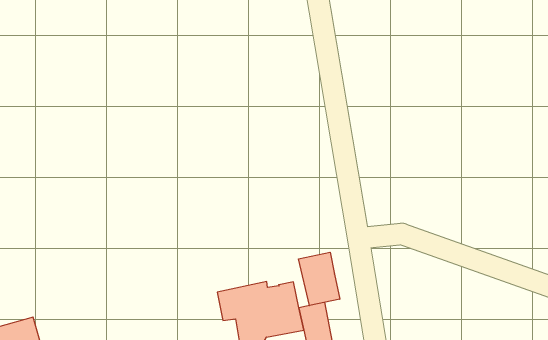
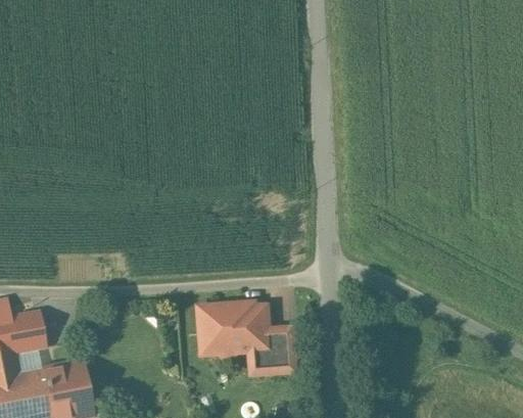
building: [299,252,340,306] -> none

